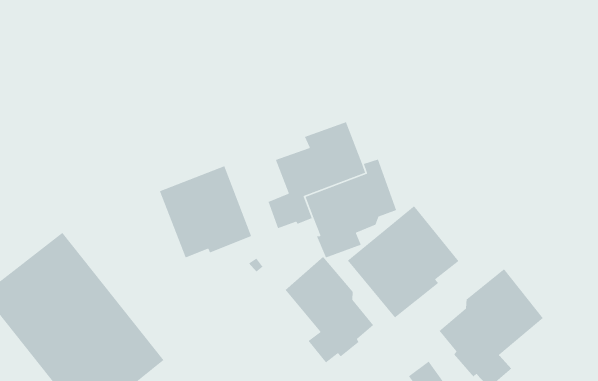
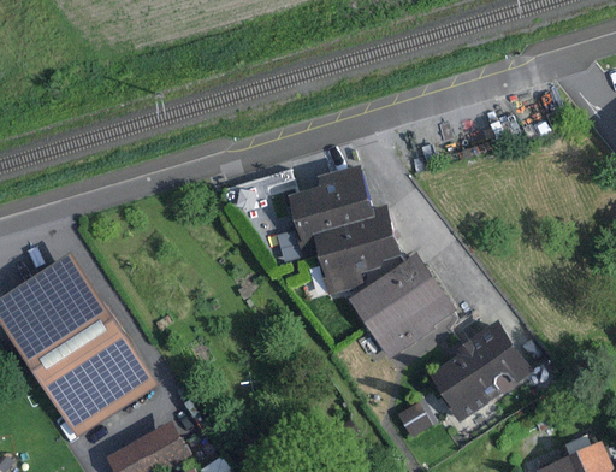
building: [159,165,252,259] -> none
building: [285,256,374,363] -> none

